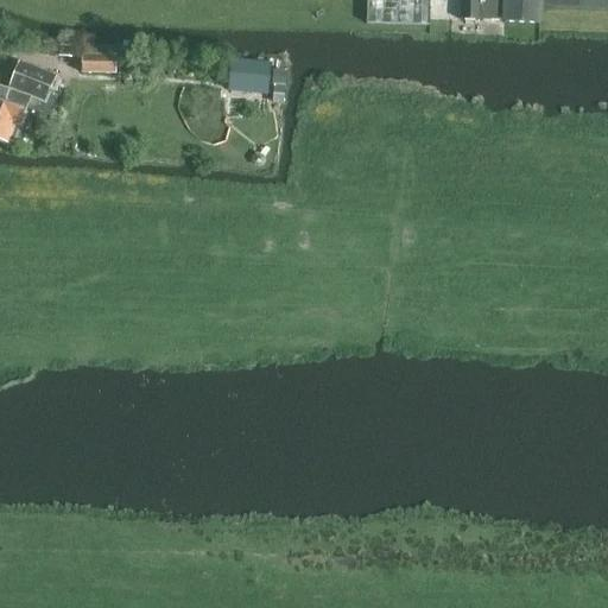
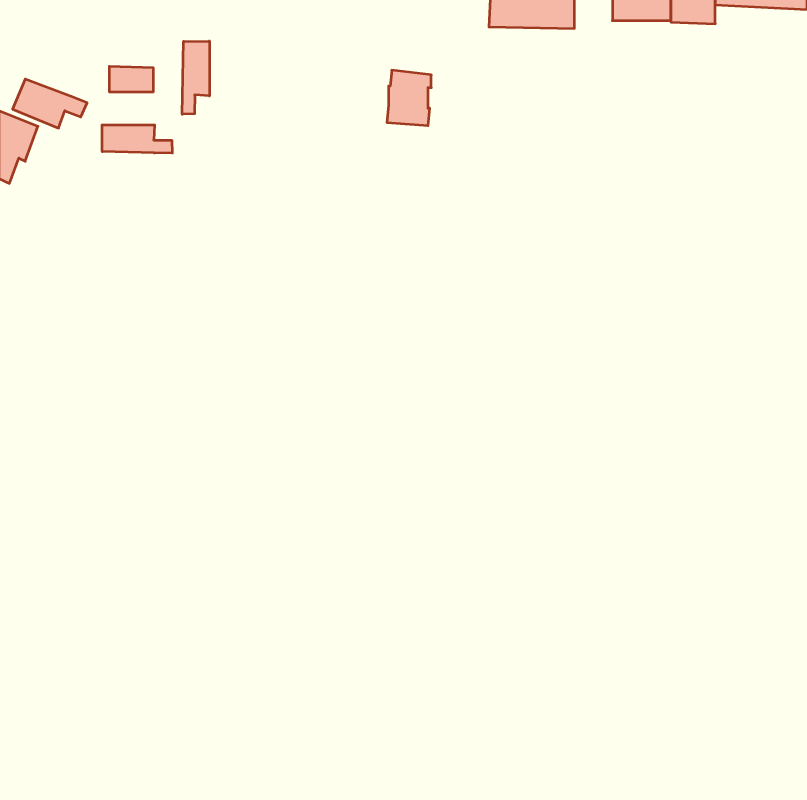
building: none -> [182,41,209,114]
building: [230,57,264,99] -> [387,70,431,126]
building: none -> [102,125,172,153]

